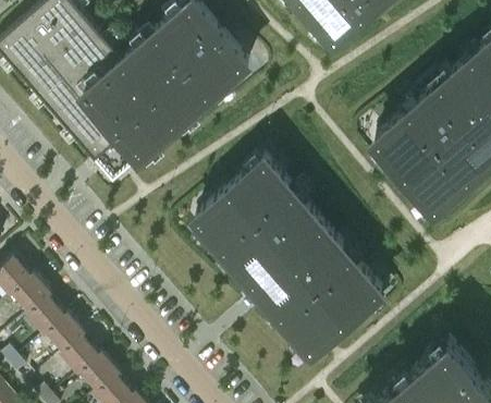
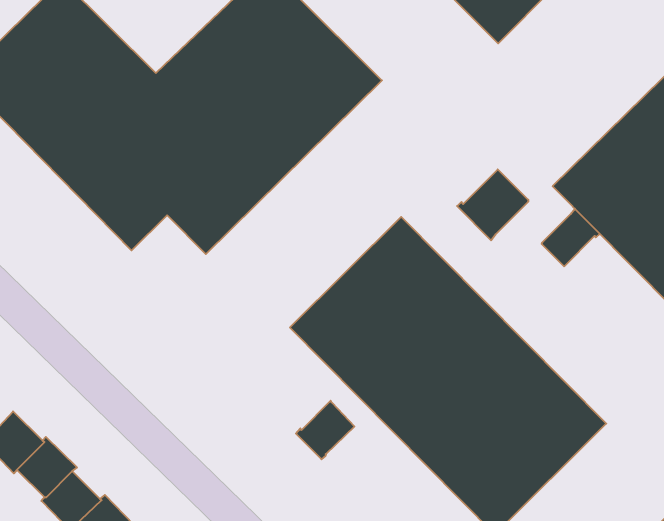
building: none -> [457,169,528,240]
building: none -> [542,209,600,266]
building: none -> [296,401,354,459]

